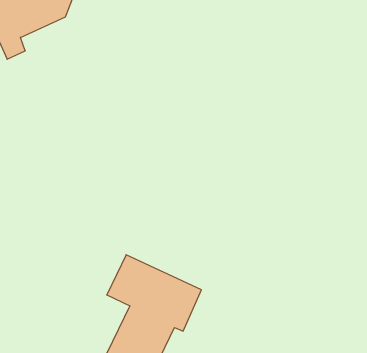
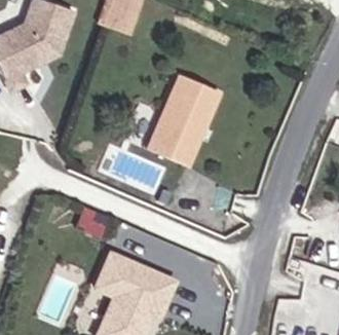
building: none -> [156,72,230,165]

